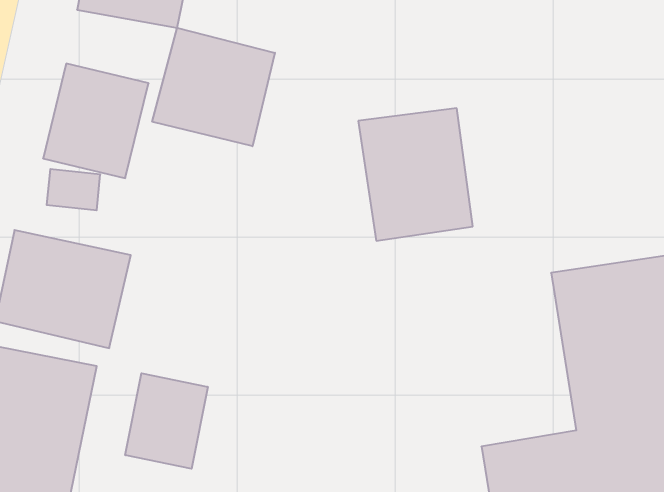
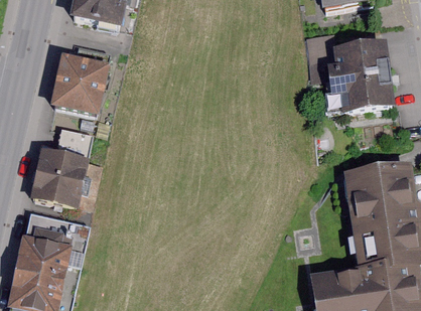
building: [152,28,275,146] -> none
building: [358,108,473,241] -> [333,39,398,114]
building: [125,373,208,469] -> none

